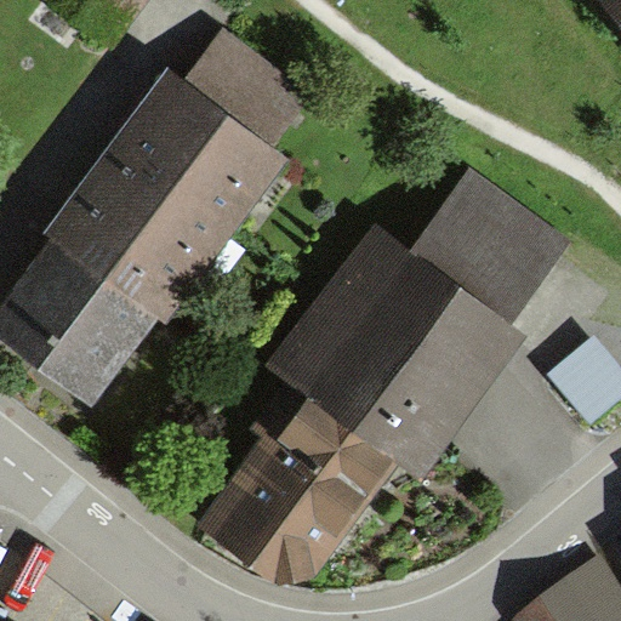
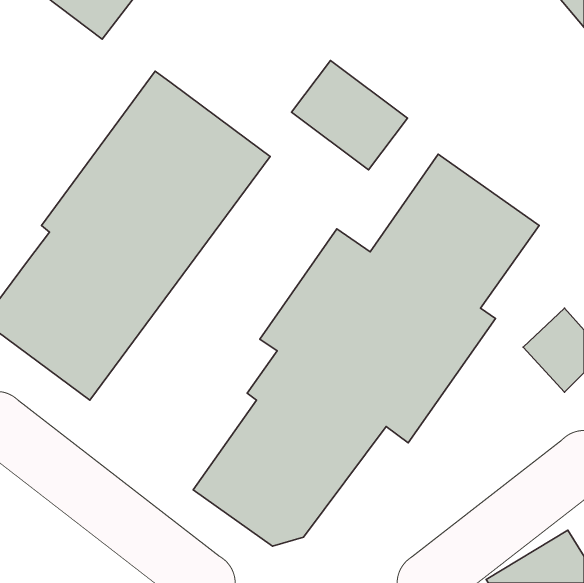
building: [181,33,303,148] -> [291,61,408,170]

